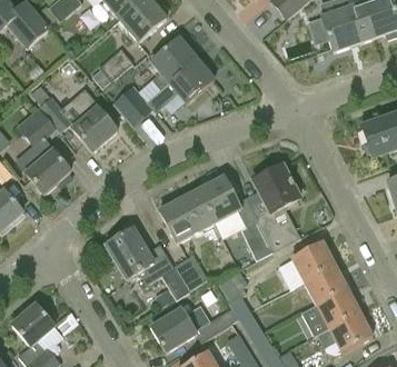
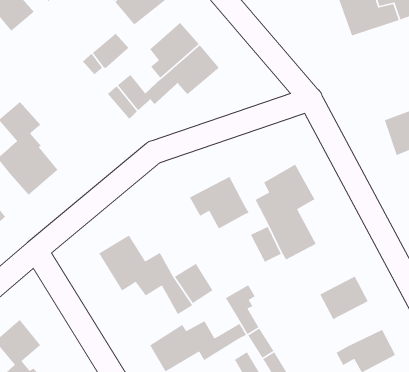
building: [30,83,118,152] -> none
building: [159,195,214,244] -> none
building: [291,241,336,281] -> none
building: [316,288,360,328] -> none

